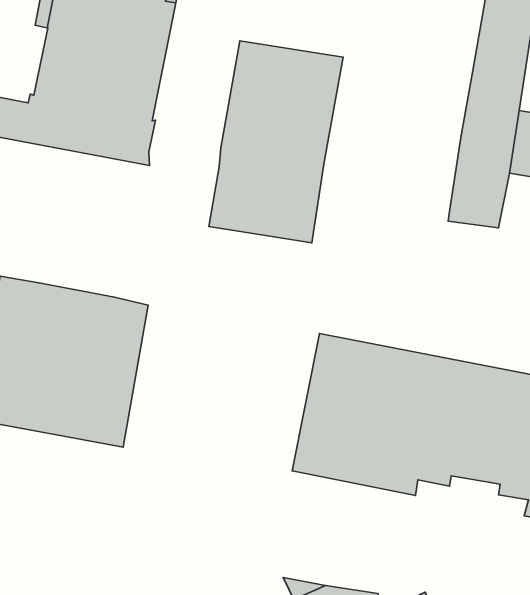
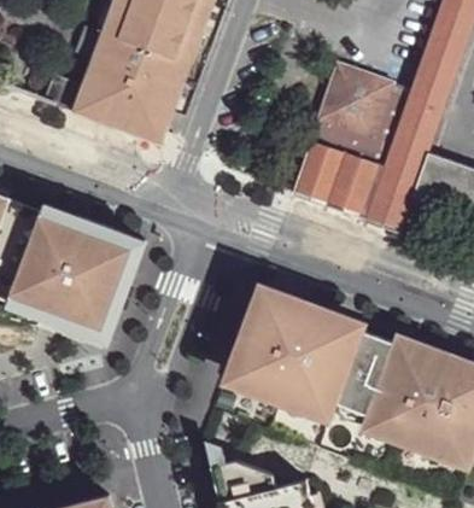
building: [209,41,343,243] -> [295,64,411,216]

